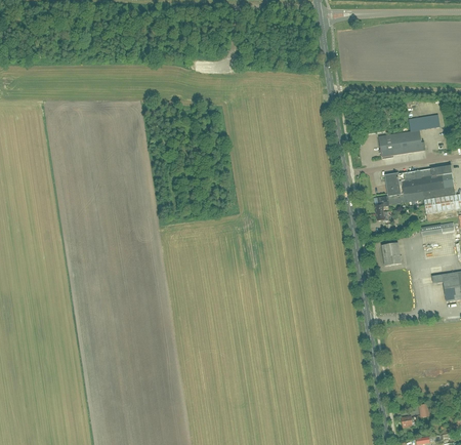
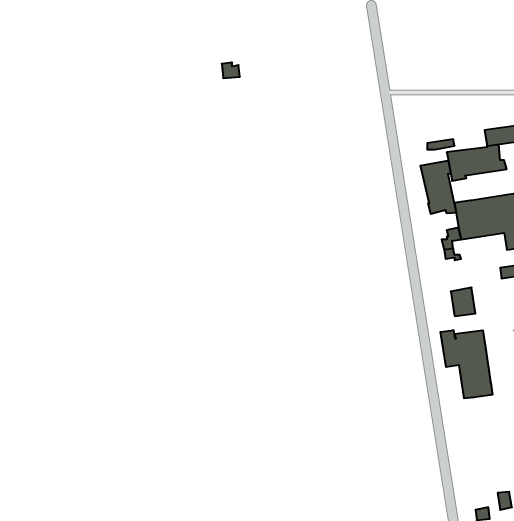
building: none -> [420,161,456,214]
building: none -> [440,330,492,398]

